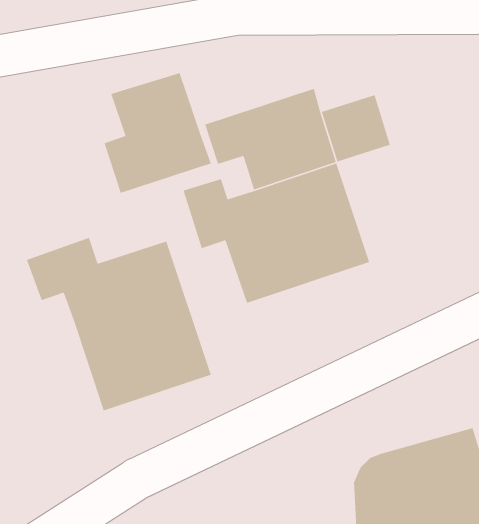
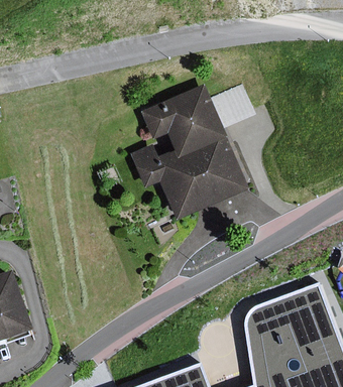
building: [103,72,212,194] -> none
building: [26,237,212,412] -> none

